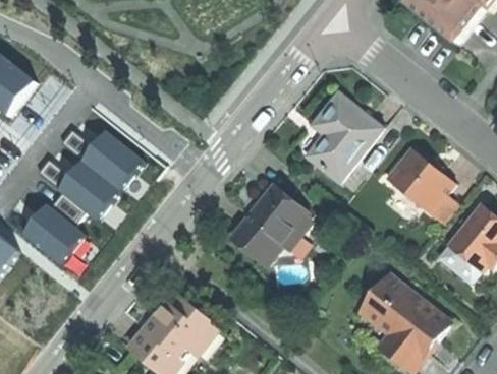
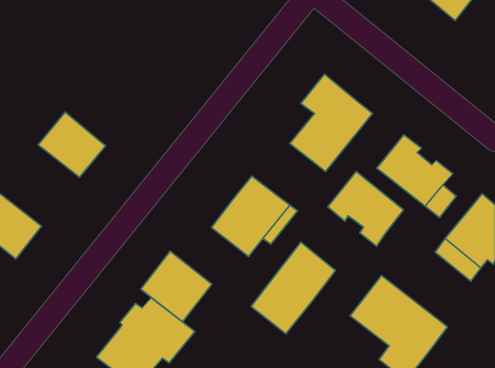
building: [54,158,115,216] -> none
building: none -> [328,172,403,246]
building: none -> [251,242,336,334]
building: none -> [141,251,212,322]

